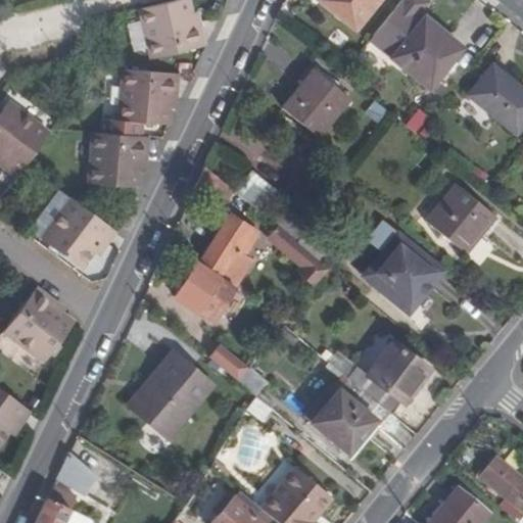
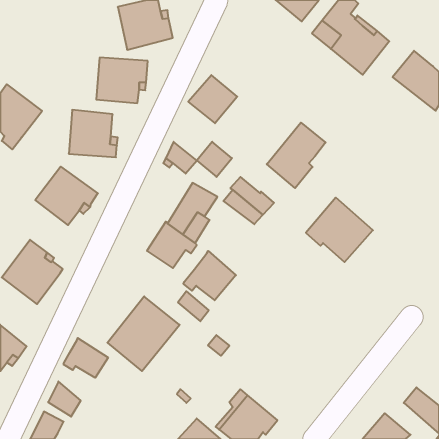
building: [289,76,347,133] -> [188,75,237,123]
building: none -> [267,123,326,188]
building: [426,180,496,250] -> none
building: none -> [183,251,236,300]
building: [344,342,426,413] -> none
building: [304,385,367,447] -> none
building: none -> [64,338,108,378]

